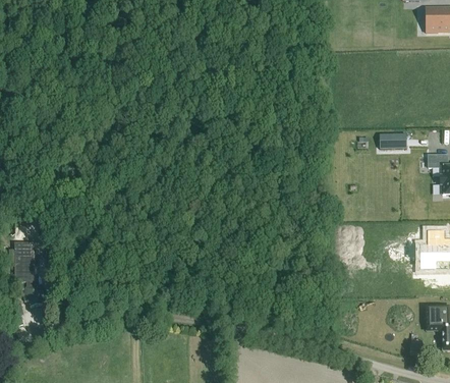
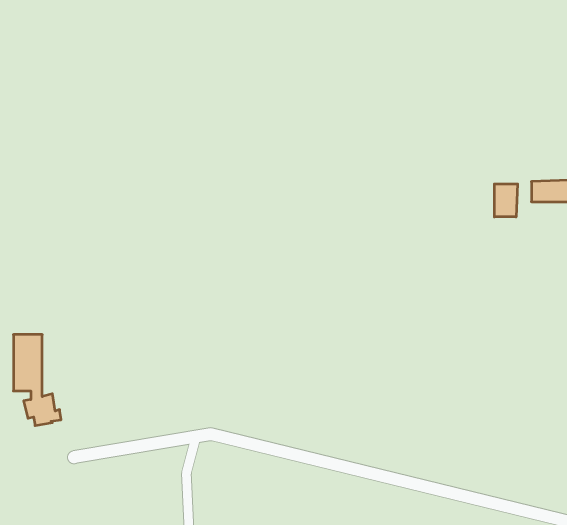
building: none -> [494,184,518,217]

